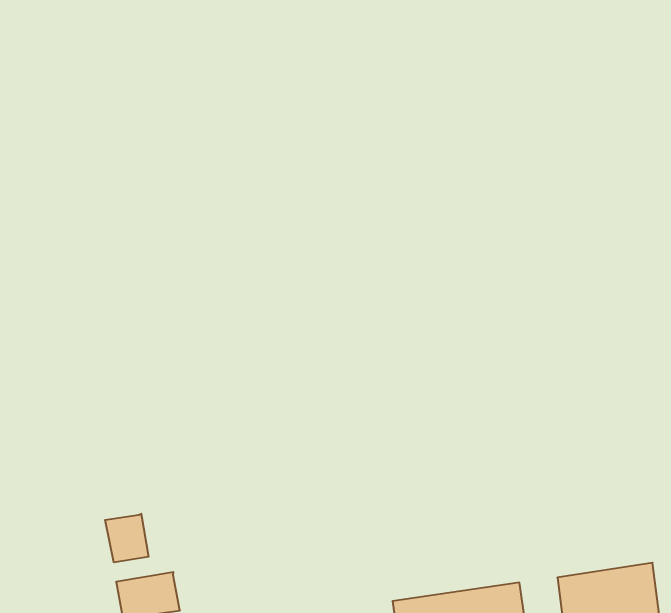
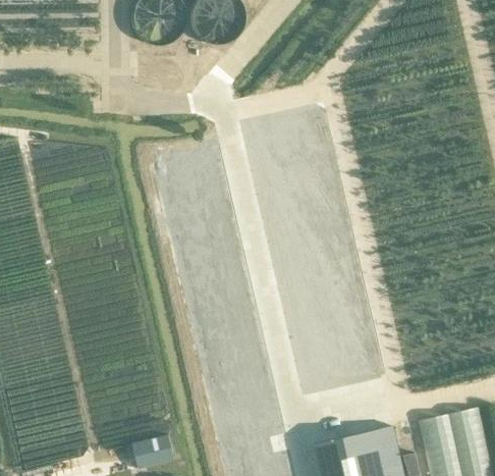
building: [105,514,149,562] -> none

